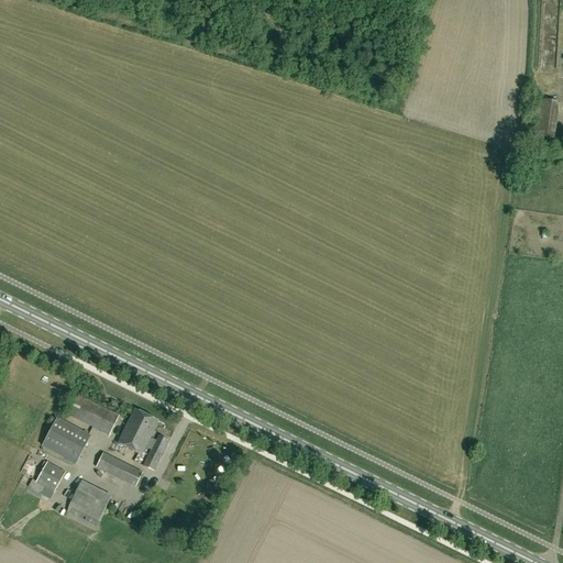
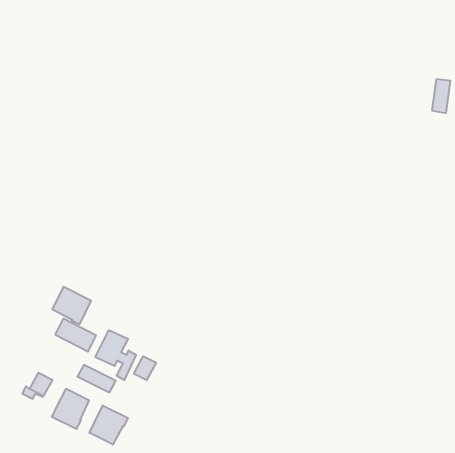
building: [42,417,90,463] -> [52,287,91,324]
building: none -> [134,356,156,380]
building: none -> [89,405,128,445]

